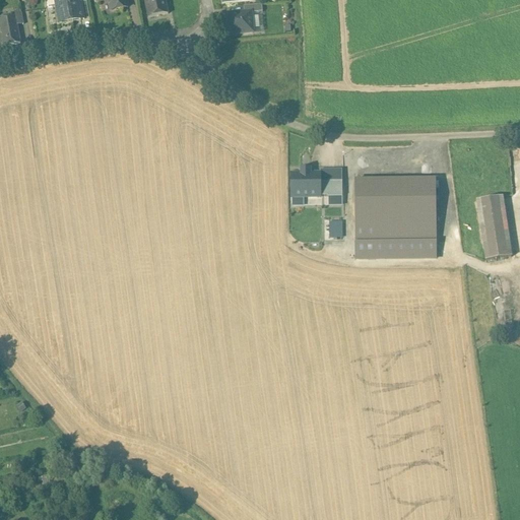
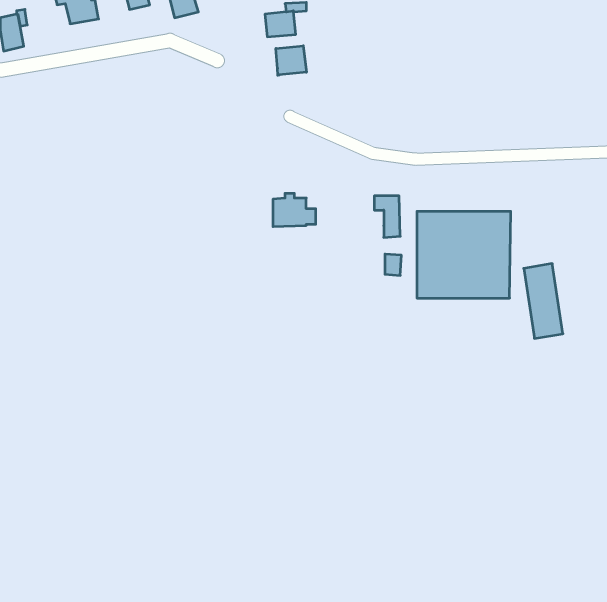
building: none -> [276,46,306,75]
building: [291,167,328,195] -> [273,193,316,227]
building: [477,194,511,258] -> [524,264,563,338]

